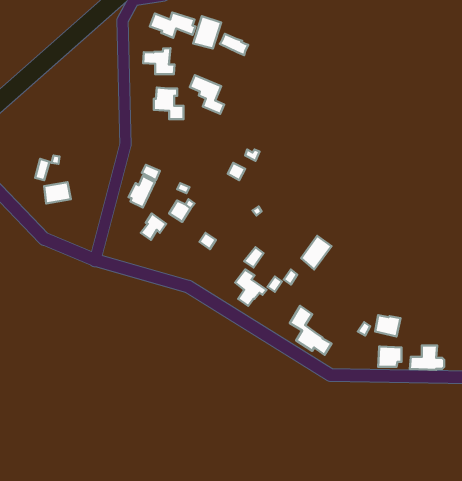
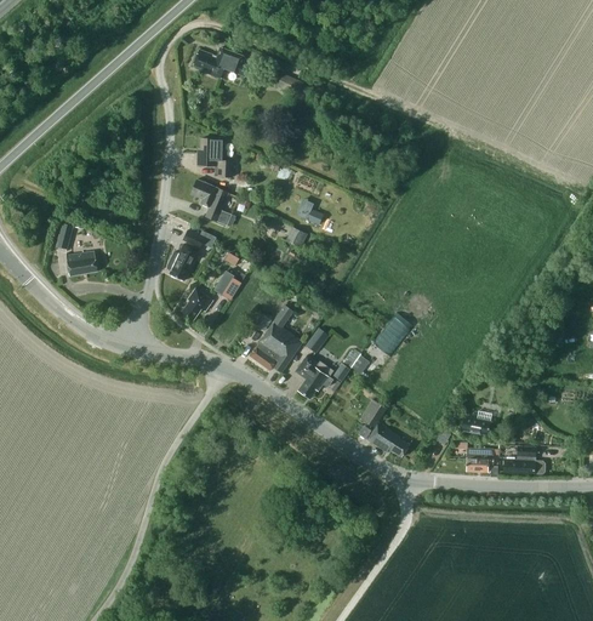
building: [193,16,221,48] -> none
building: [143,48,175,74] -> none
building: [190,75,224,114] -> [190,178,232,224]
building: none -> [250,304,302,371]

